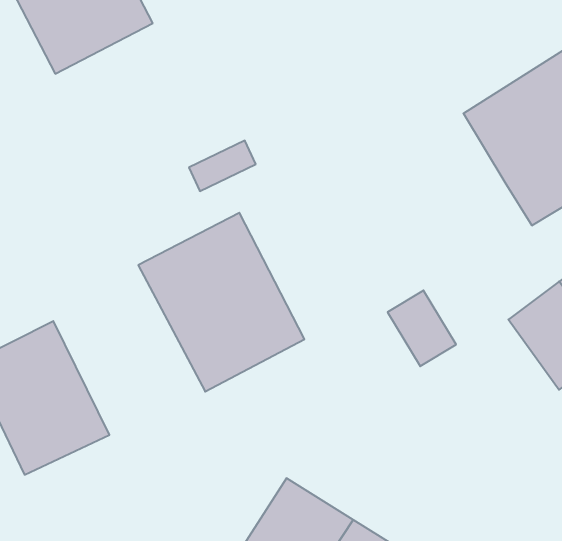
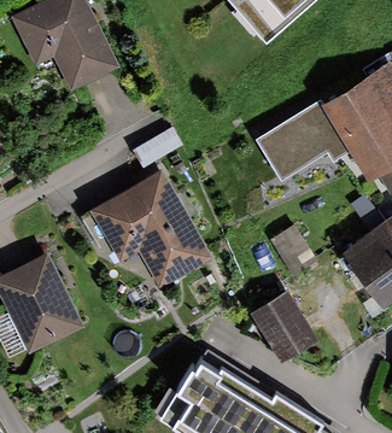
building: none -> [251,105,346,186]
building: none -> [248,289,312,358]

